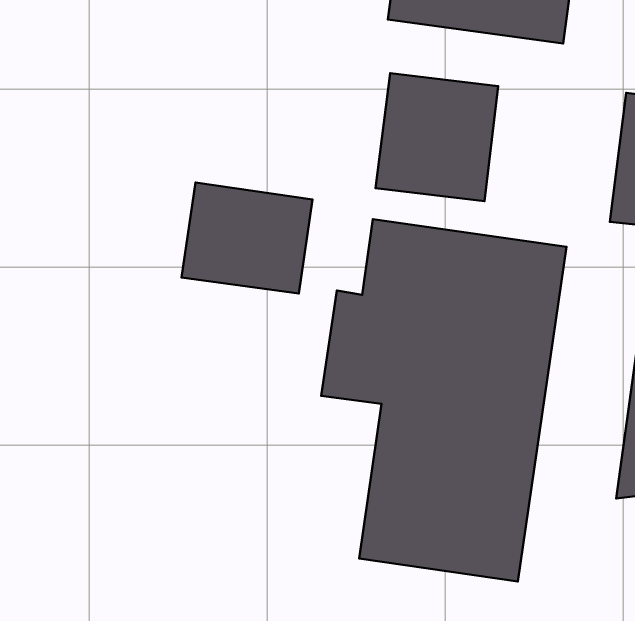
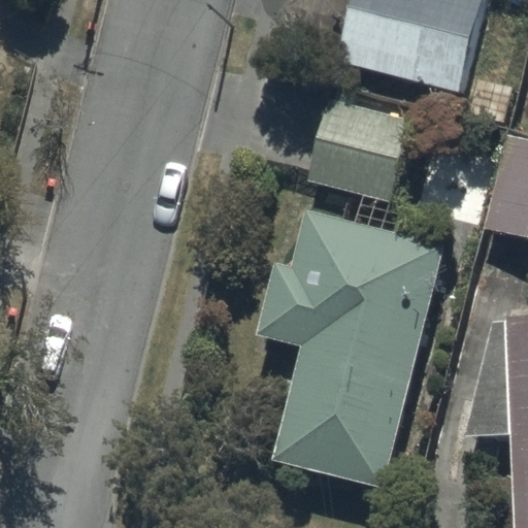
building: [182,182,312,294] -> none

